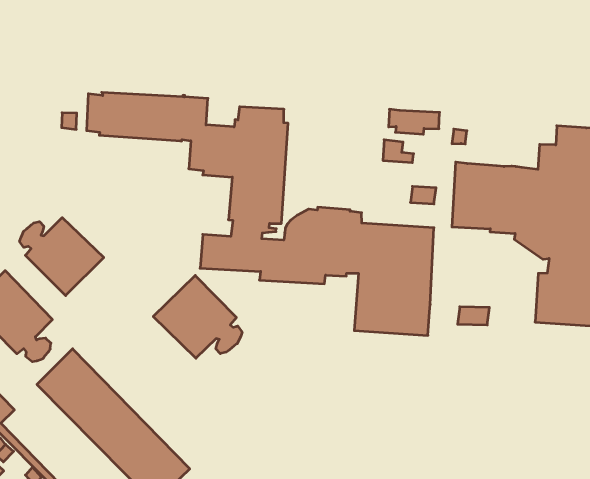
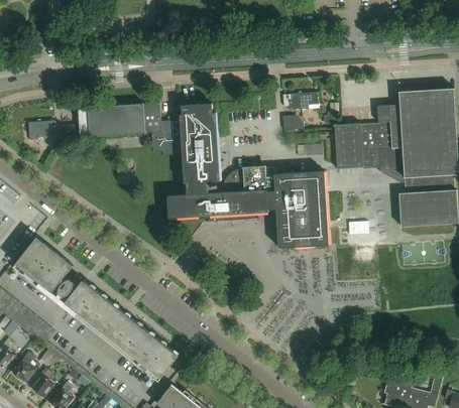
building: none -> [28,121,55,141]
building: [20,218,104,296] -> none
building: [153,275,242,358] -> none

